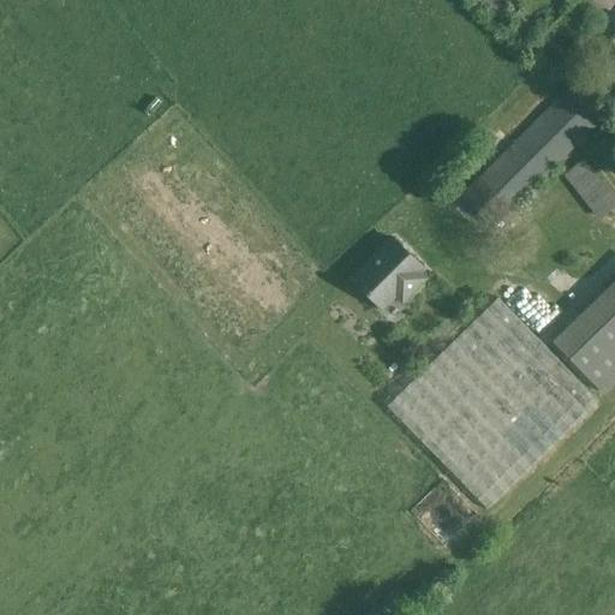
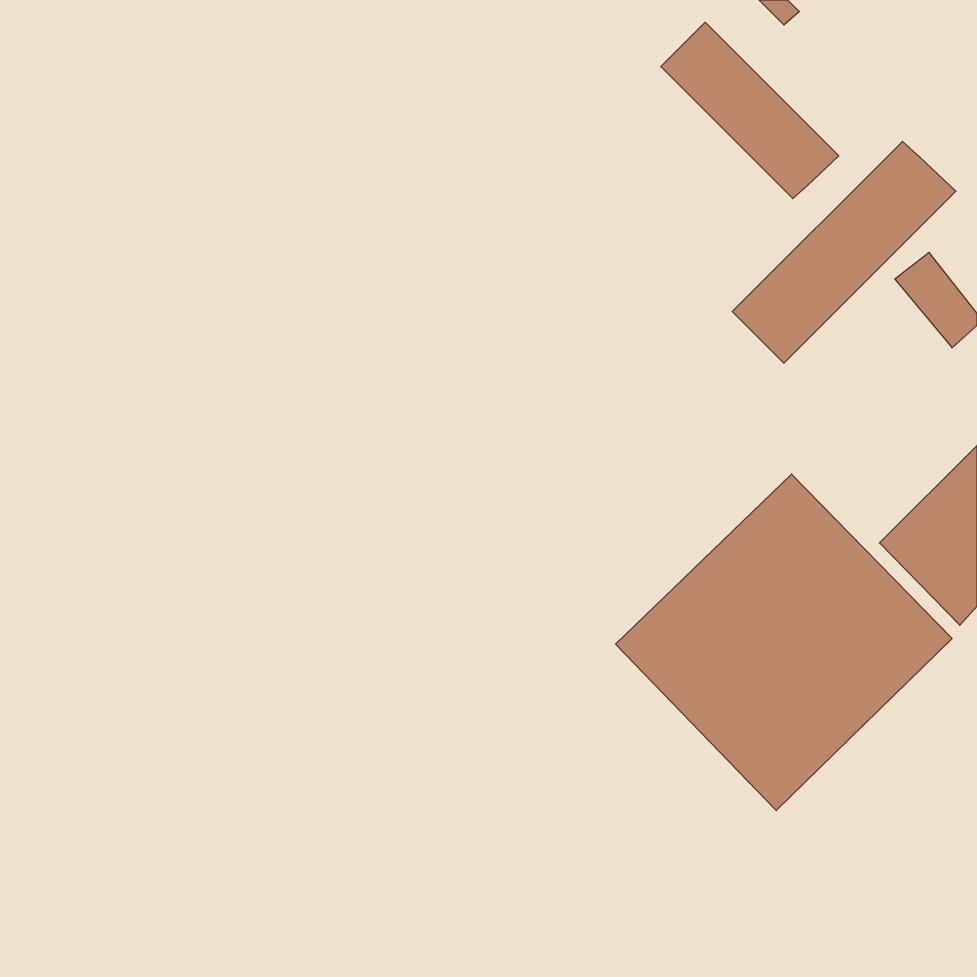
building: none -> [661,22,839,199]
building: [350,237,424,308] -> none

